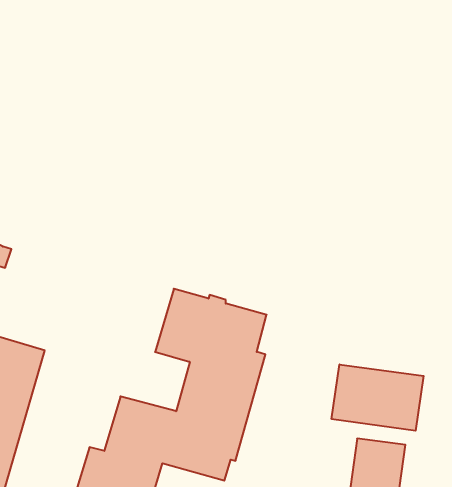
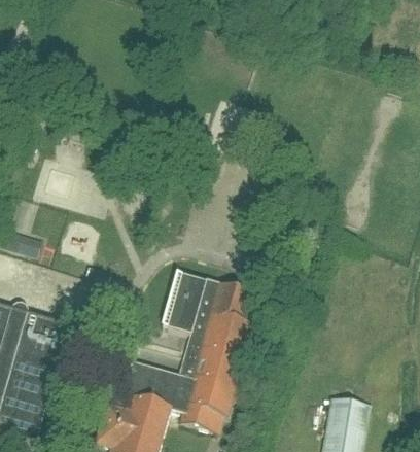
building: [332,364,424,431] -> none

